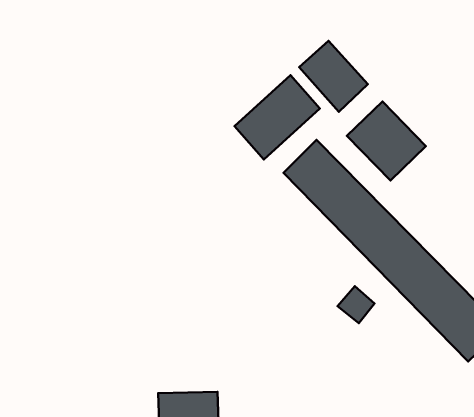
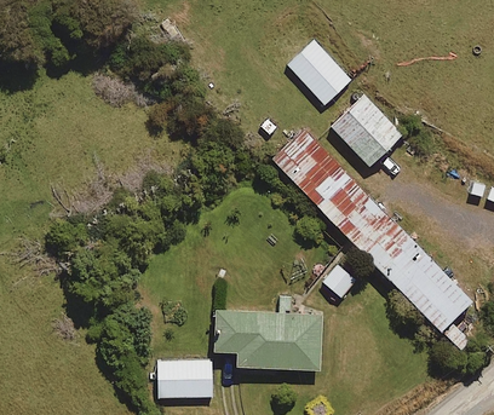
building: [234,75,320,159] -> none
building: none -> [216,312,322,371]

